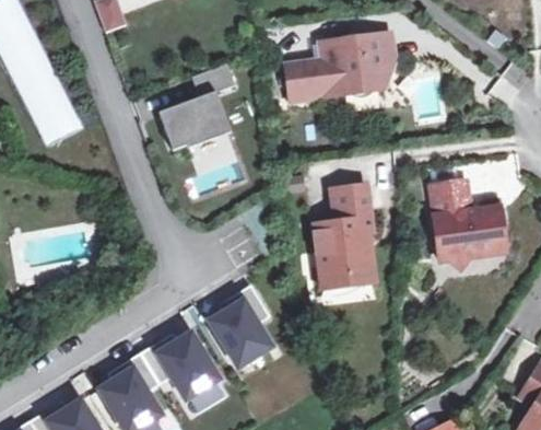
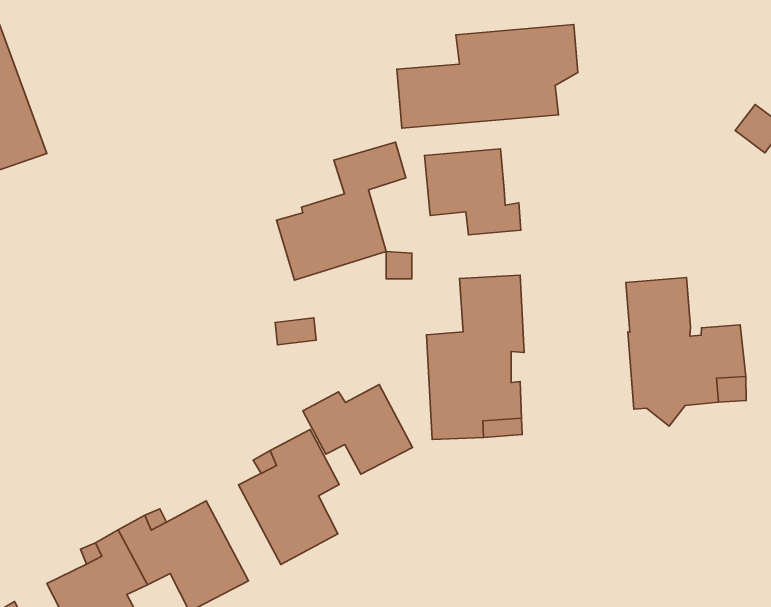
building: [158,63,234,150] -> [277,142,406,280]
building: none -> [425,149,521,235]
building: none -> [303,384,413,474]

